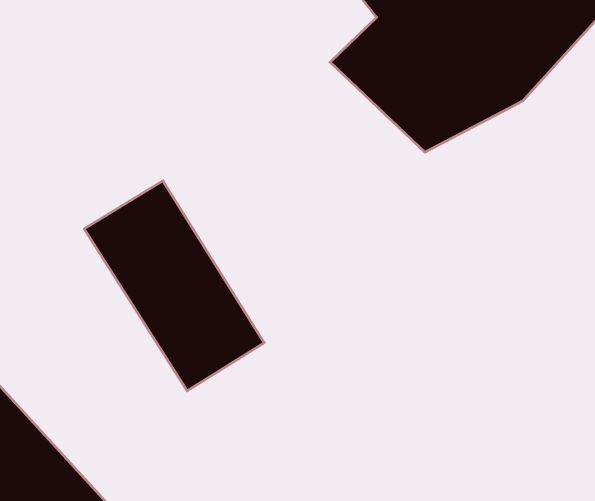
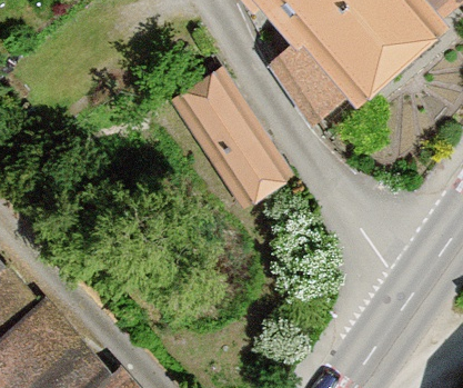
building: [84,181,264,391] -> [159,52,283,198]

